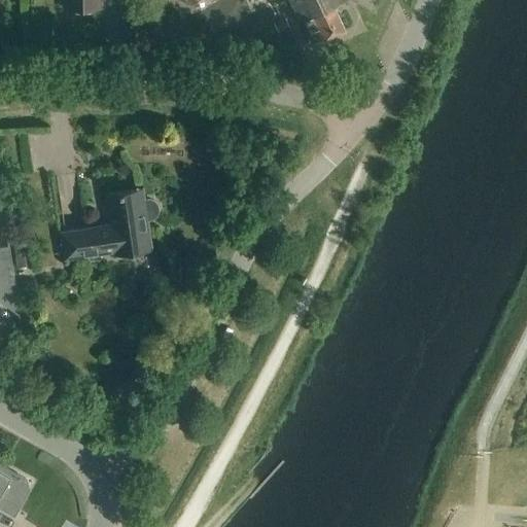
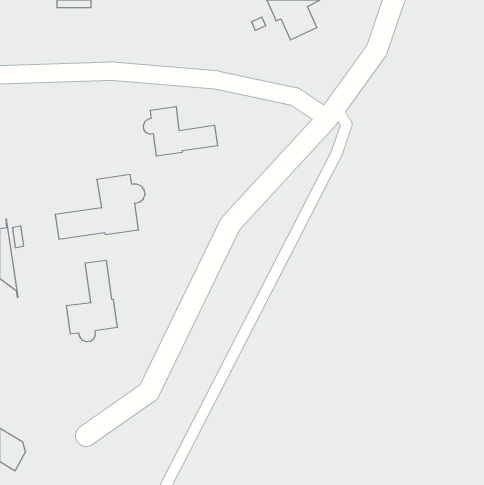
building: none -> [143,106,217,156]
building: none -> [67,260,117,342]

